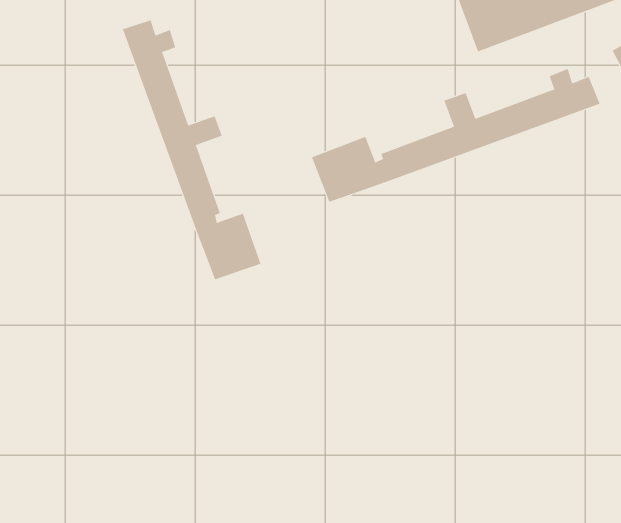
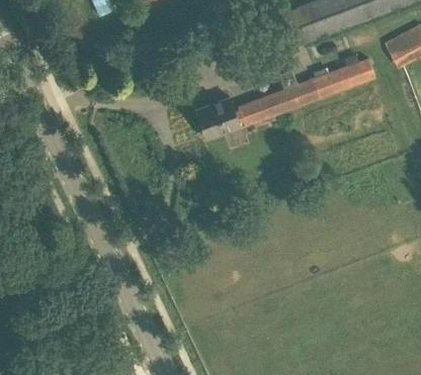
building: [122,19,261,280] -> none

